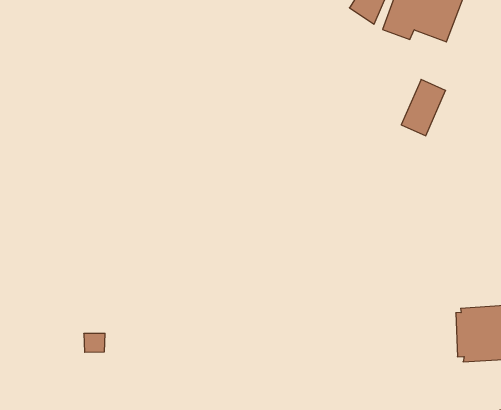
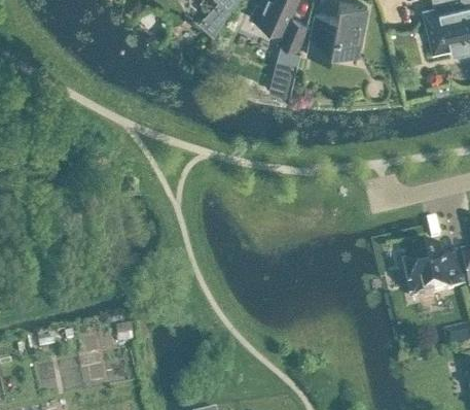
building: [401,79,446,136] -> [272,54,301,97]

